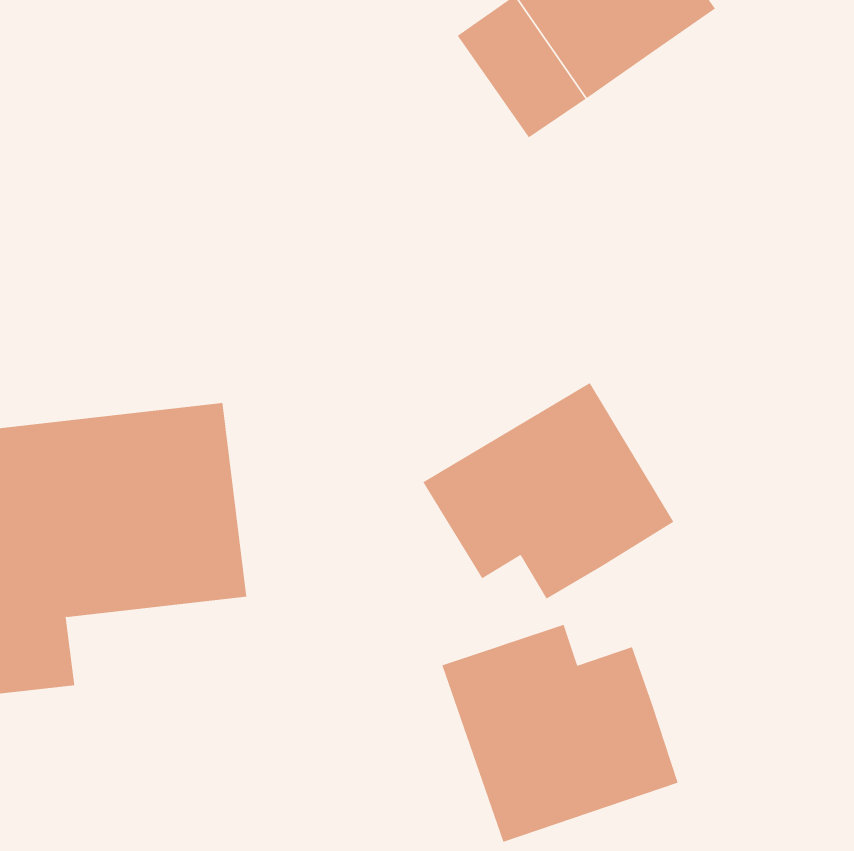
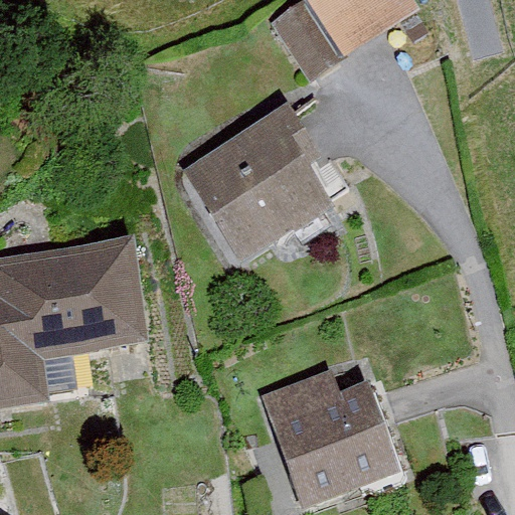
building: none -> [178,103,336,268]
building: [423,382,674,600] -> none

